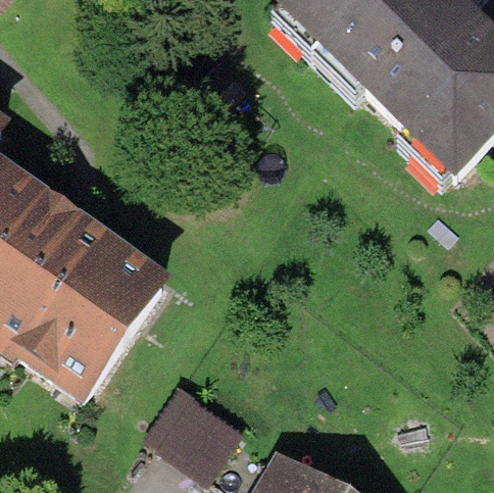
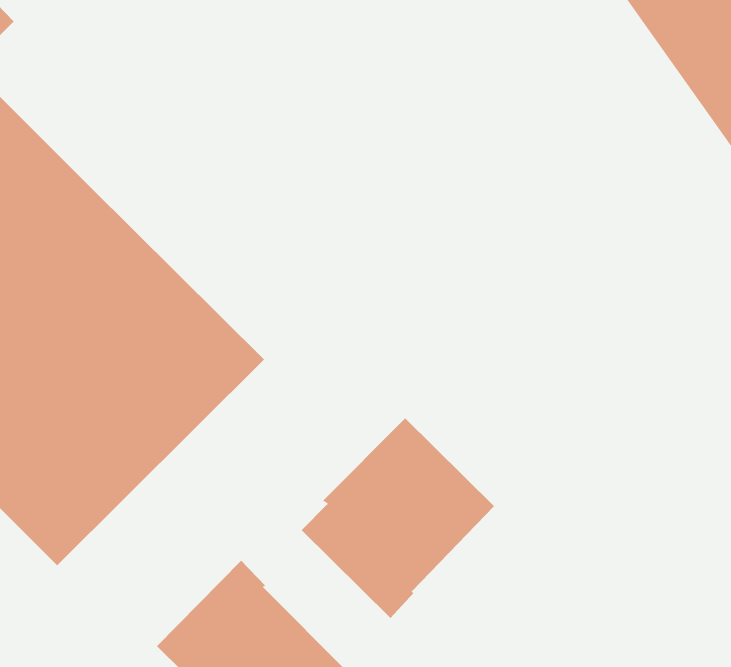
building: none -> [301,418,495,619]

